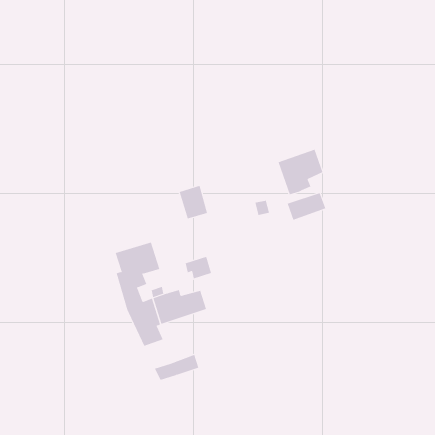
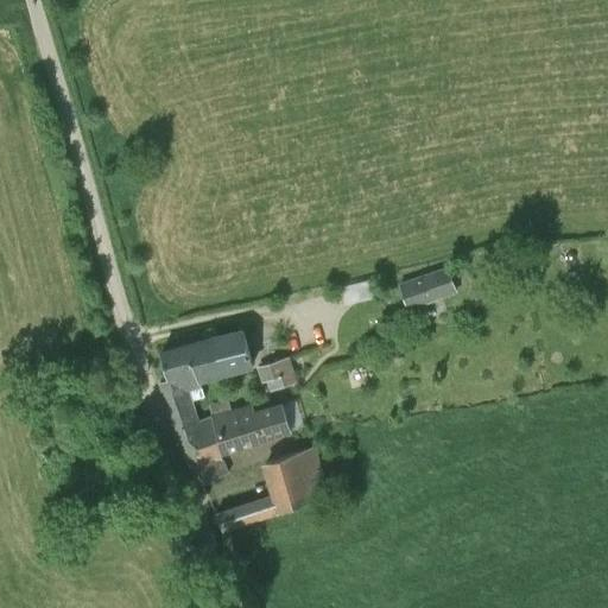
building: [278,149,323,195] -> none
building: [179,185,208,219] -> [211,328,252,375]
building: none -> [264,448,329,513]

